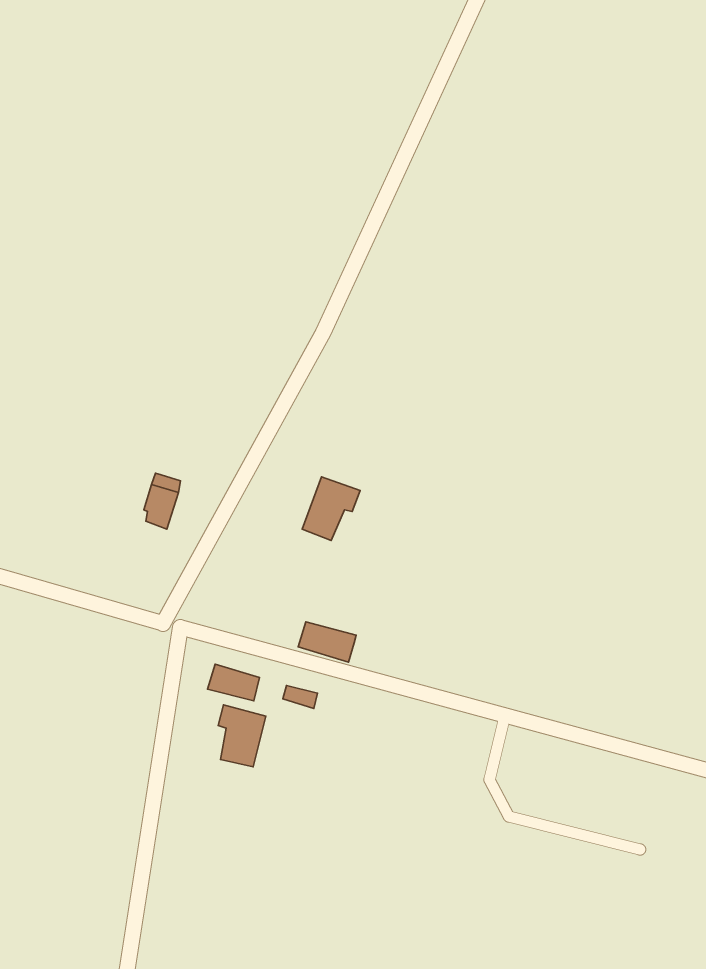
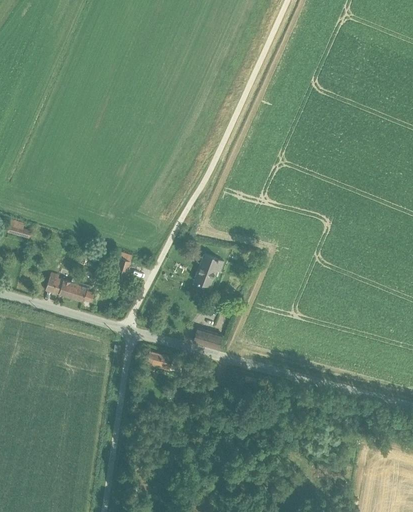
building: none -> [45,271,95,302]
building: [218,705,266,767] -> none

